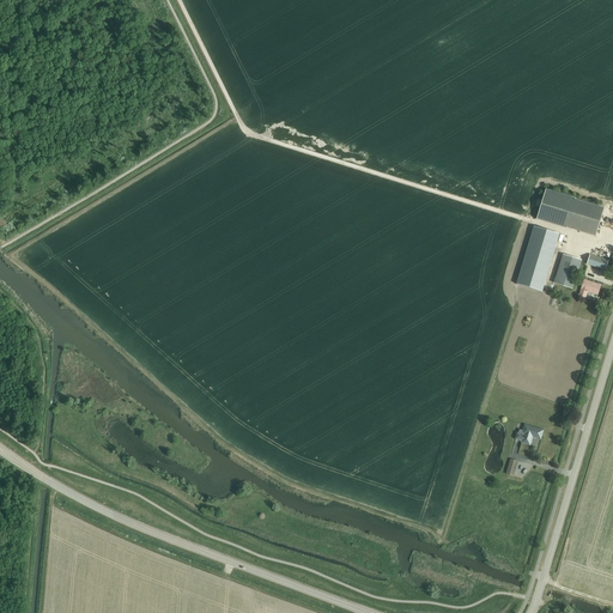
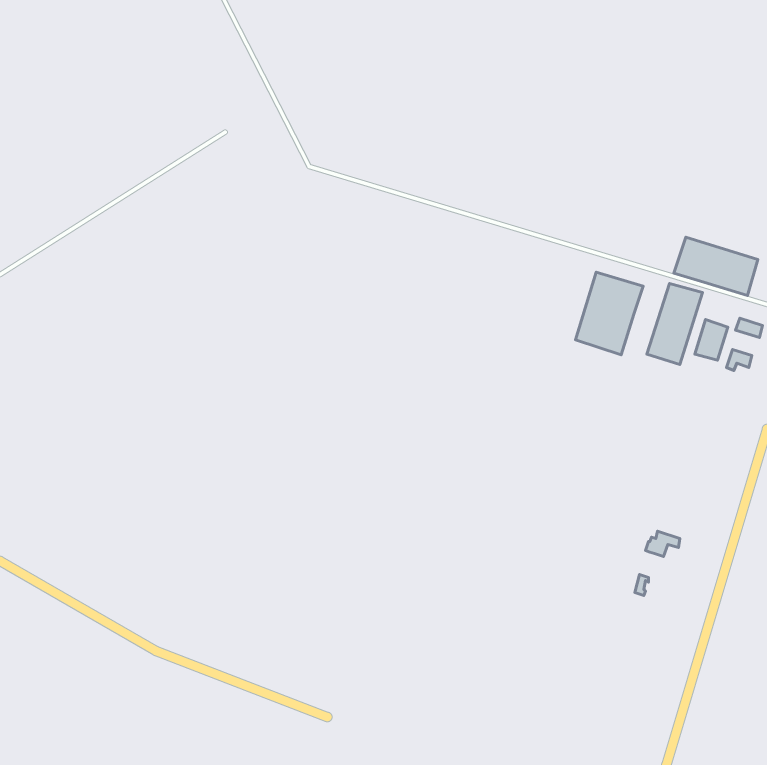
building: none -> [575,272,643,355]

